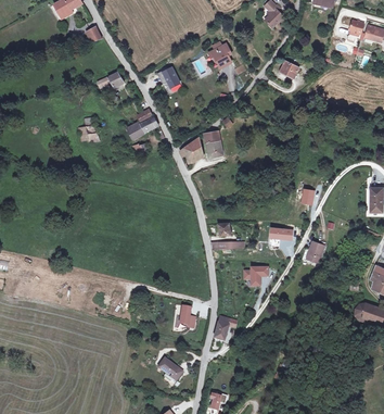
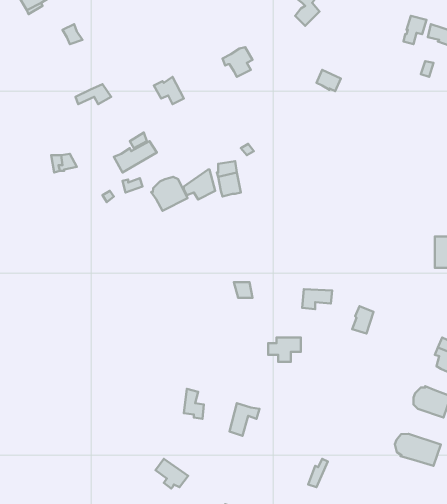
building: none -> [151,177,188,211]
building: none -> [395,434,441,466]

